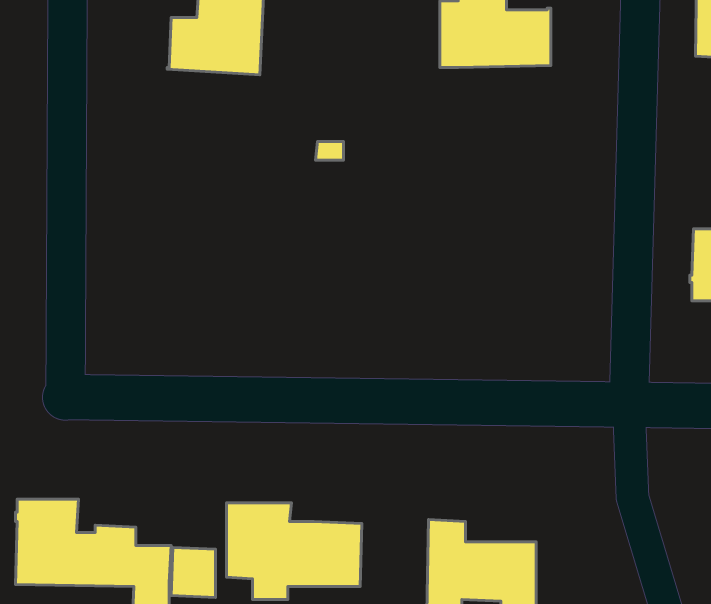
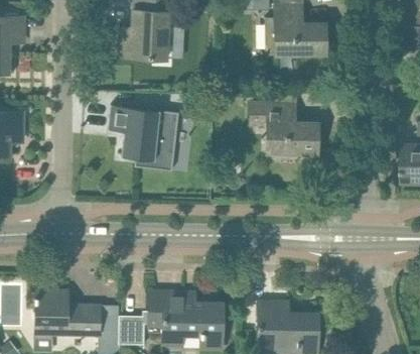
building: none -> [252,103,318,154]
building: none -> [109,105,179,171]

